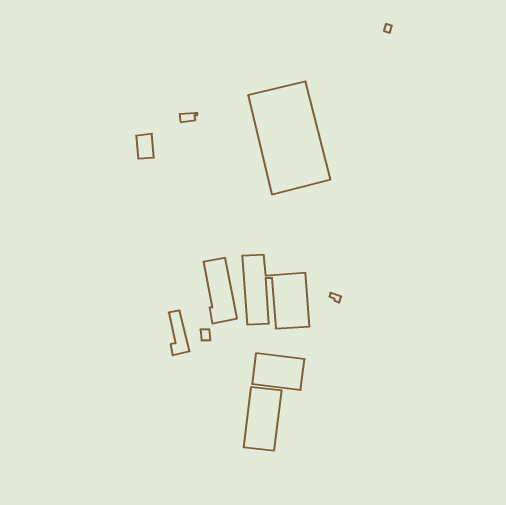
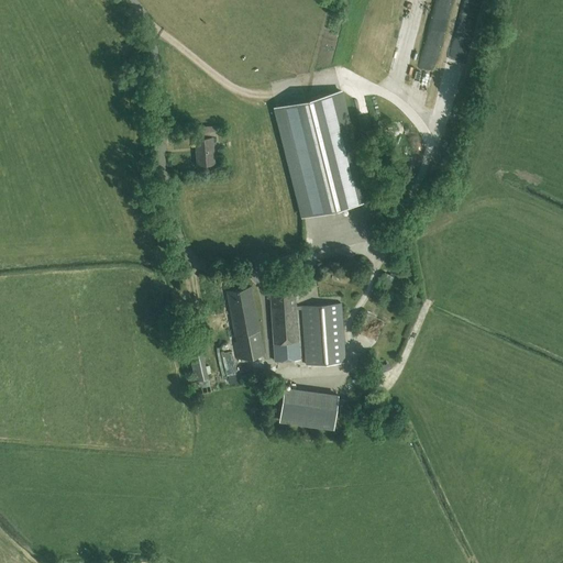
building: [136,134,154,159] -> [194,139,213,166]
building: [244,387,281,451] -> none

